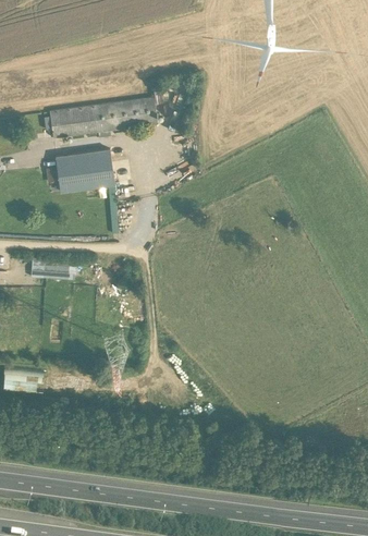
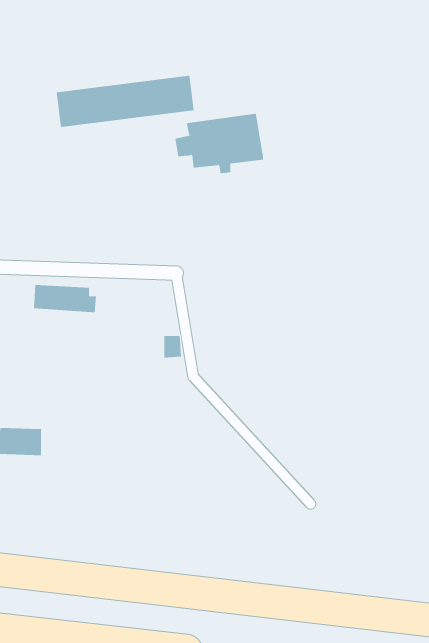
building: [46,148,114,195] -> [175,113,264,174]

